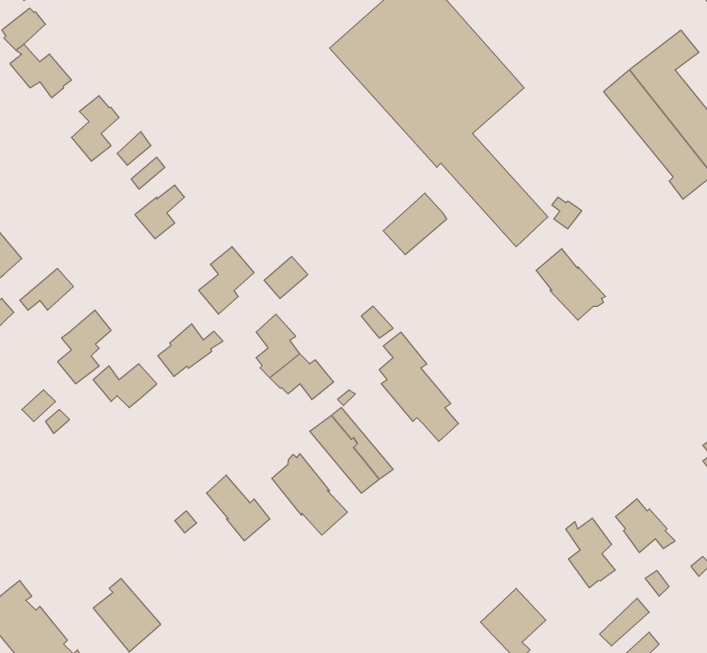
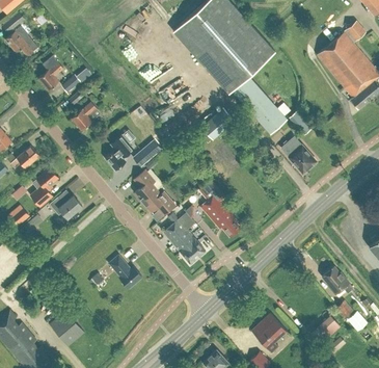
building: [158,324,223,376] -> none
building: [272,454,347,535] -> none
building: [566,518,615,588] -> none

